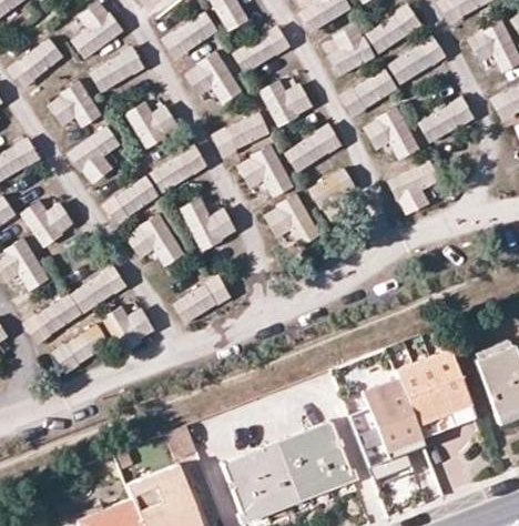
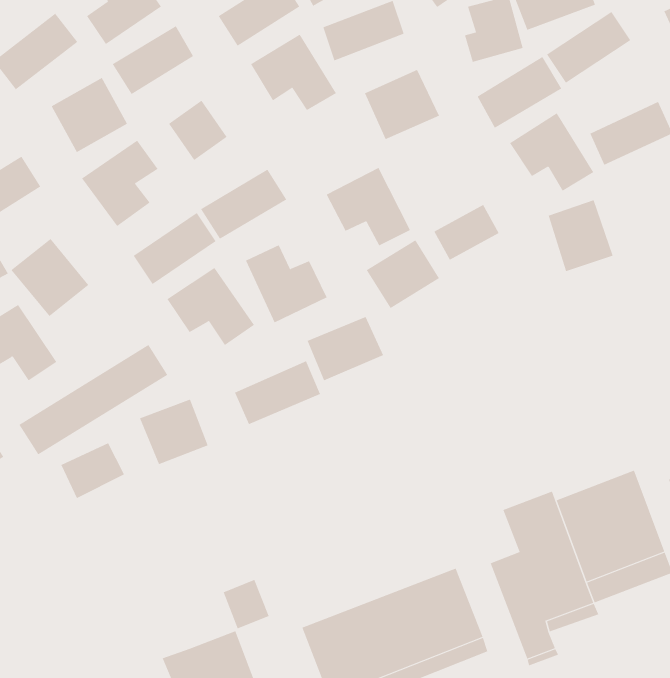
building: [212,111,268,155] -> none
building: [284,123,342,173] -> none
building: none -> [307,316,384,381]

